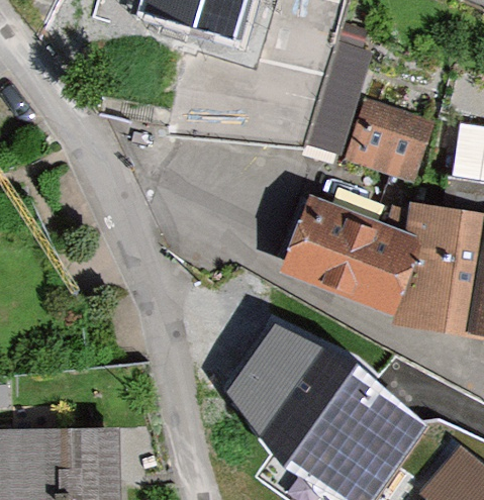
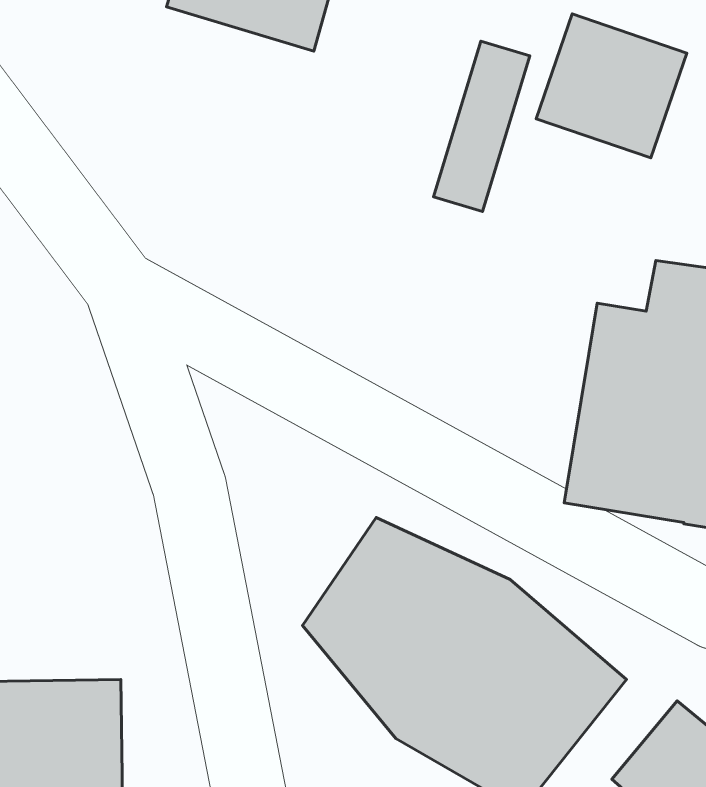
building: [346,94,439,183] -> [536,14,687,158]
building: [278,191,406,315] -> none

